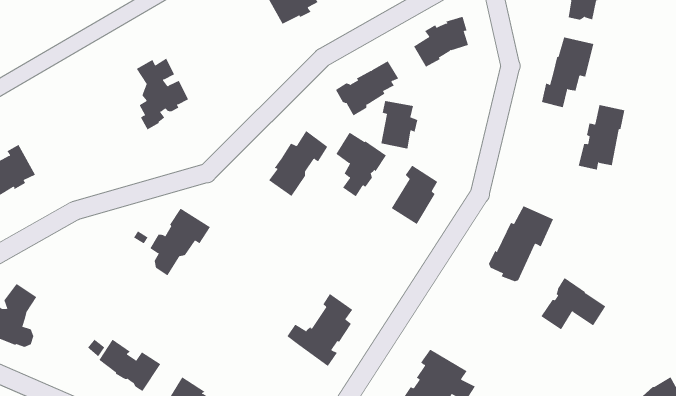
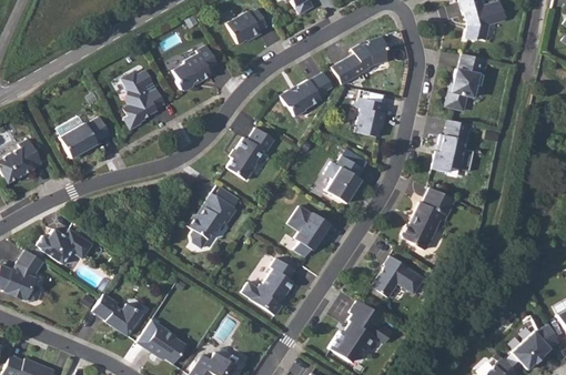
building: none -> [173,44,218,91]
building: [380,100,418,149] -> [356,98,386,136]
building: [578,105,625,170] -> [432,120,469,172]
building: none -> [60,116,110,158]
building: [335,132,387,197] -> [289,205,330,257]
building: [150,208,211,276] -> [188,193,236,247]
building: none -> [37,229,92,264]
building: [541,277,606,330] -> [372,255,424,297]

